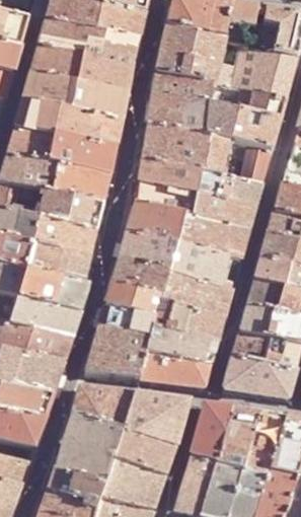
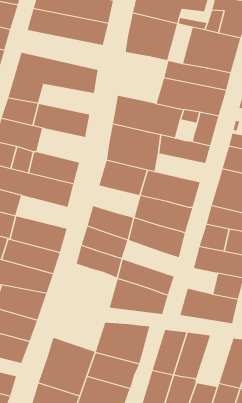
building: [32,47,132,94] -> none
building: [148,73,209,135] -> none
building: [54,112,121,148] -> none
building: [52,164,110,206] -> none
building: [194,195,254,229] -> none
building: [119,233,175,272] -> none
building: [26,245,89,284] -> none
building: [154,299,223,343] -> none
building: [84,327,148,380] -> none
building: [232,333,269,364] -> none
building: [71,391,133,433] -> none
building: [243,414,287,475] -> none

